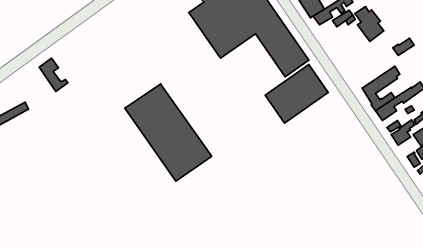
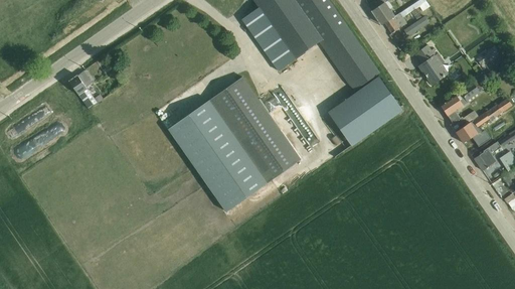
building: [355,6,384,42] -> [415,44,449,85]
building: none -> [209,77,301,182]

